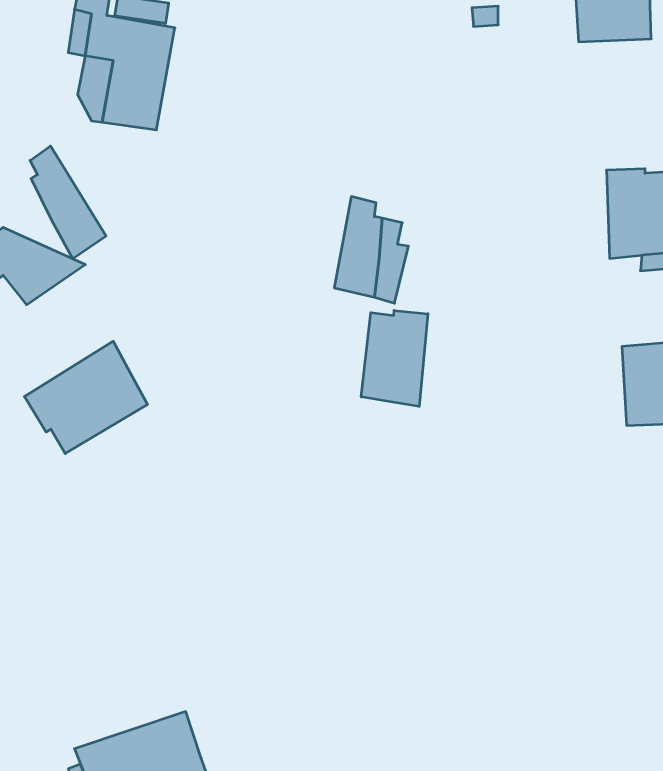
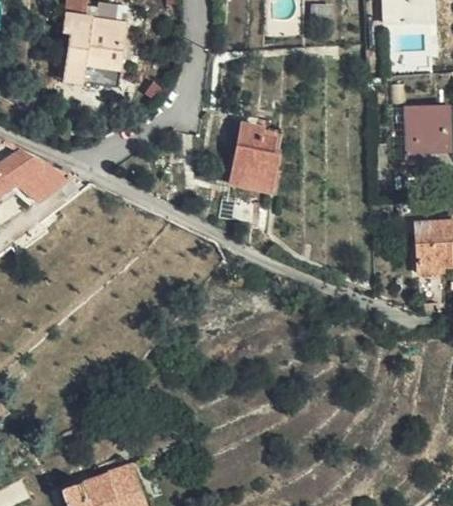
building: [30,146,106,259] -> none
building: [361,310,428,406] -> none
building: [24,341,147,454] -> none

